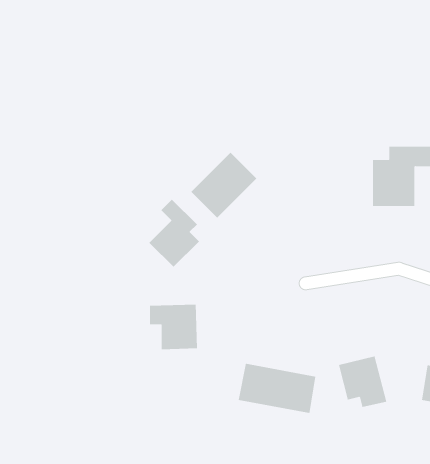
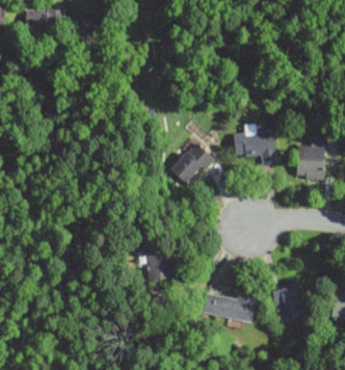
building: none -> [235,125,277,165]
building: [149,199,200,268] -> none

